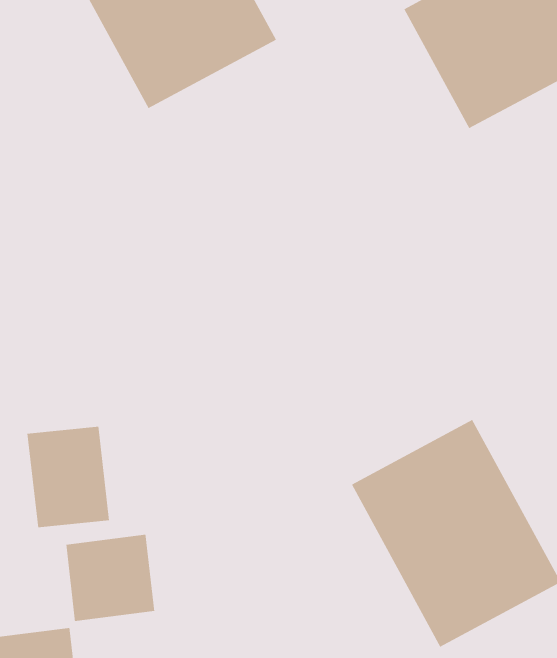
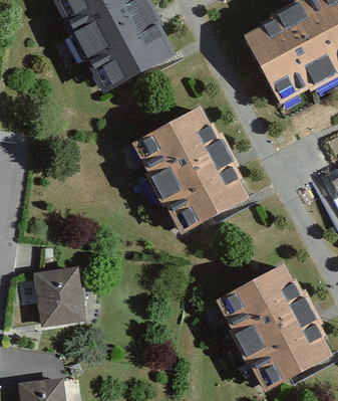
building: none -> [133,108,247,231]
building: [66,534,155,622] -> none

